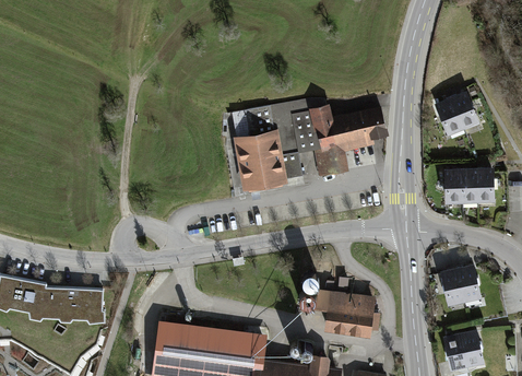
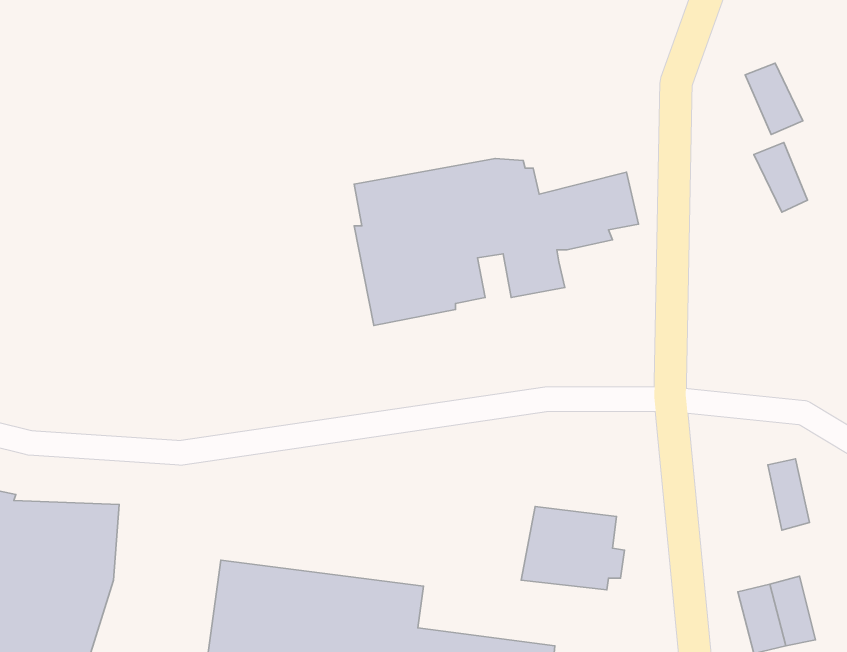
building: [435,97,466,137] -> [745,63,803,135]
building: [442,167,496,205] -> none
building: [440,268,466,307] -> none

